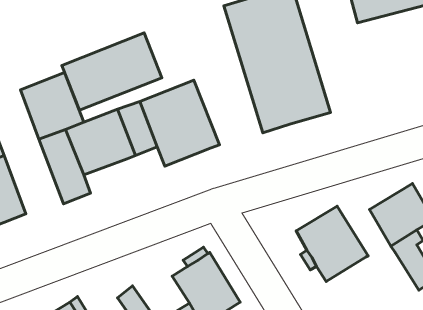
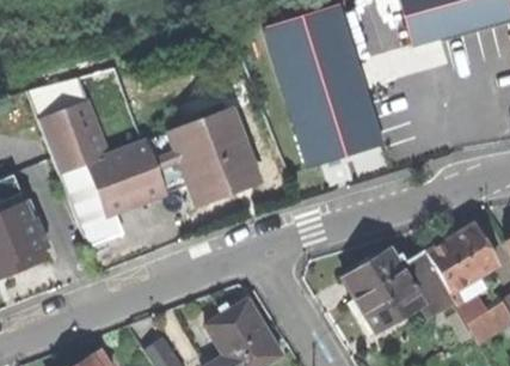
building: [62,33,162,110] -> none
building: none -> [395,250,454,316]

